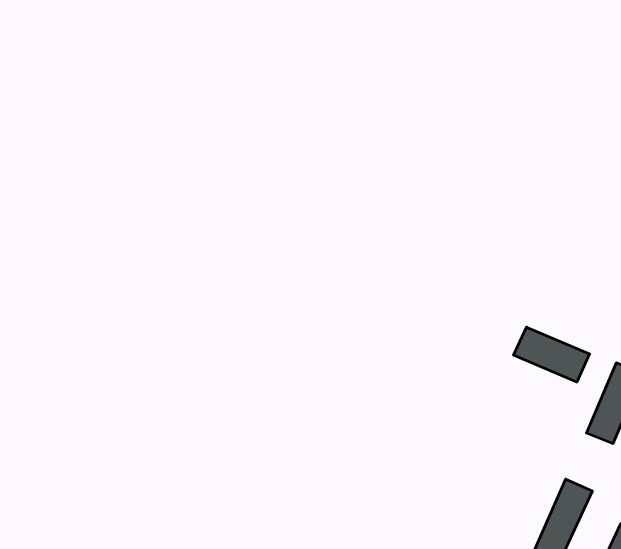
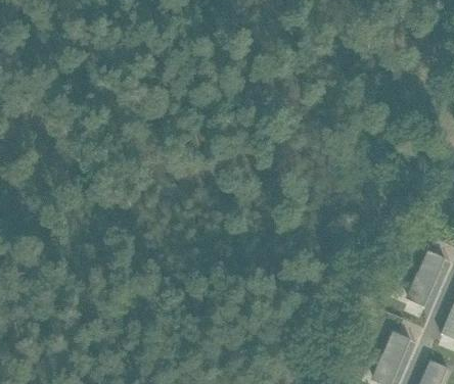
building: [514,327,590,382] -> none

